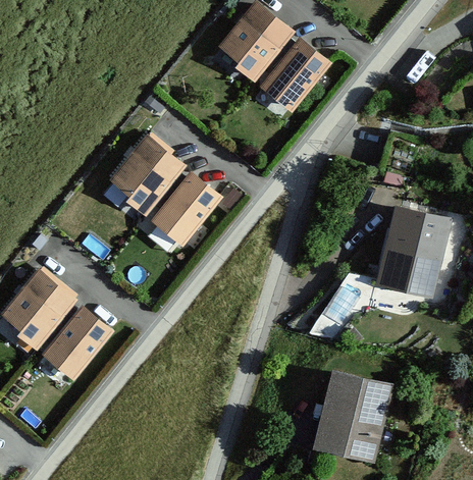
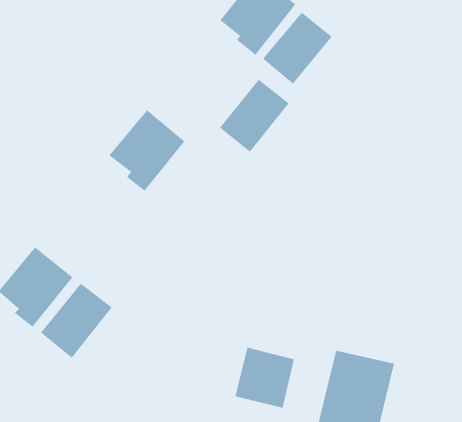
building: [151,172,220,245] -> [219,79,290,152]
building: [376,206,449,298] -> none
building: none -> [235,347,294,408]

